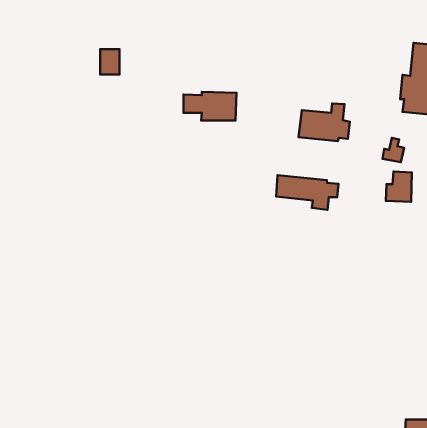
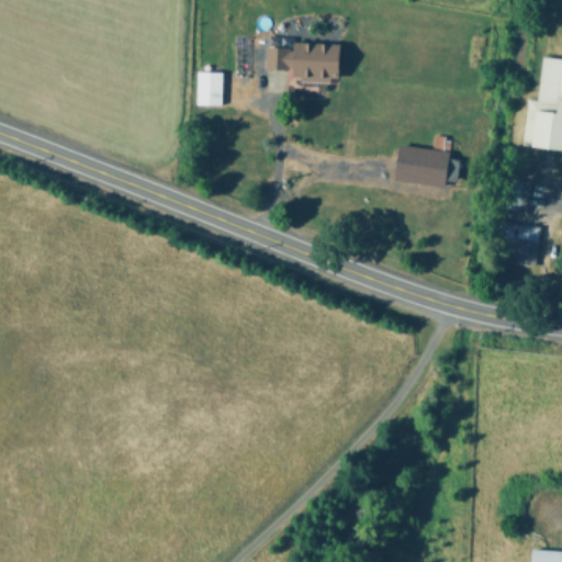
building: [100,49,119,74] -> [198,74,223,106]
building: [183,92,236,120] -> [267,44,336,81]
building: [276,175,339,210] -> none

